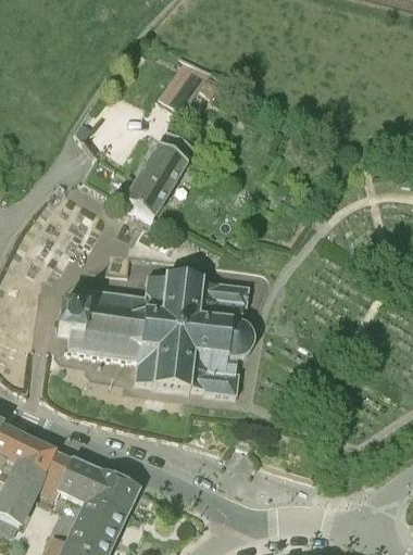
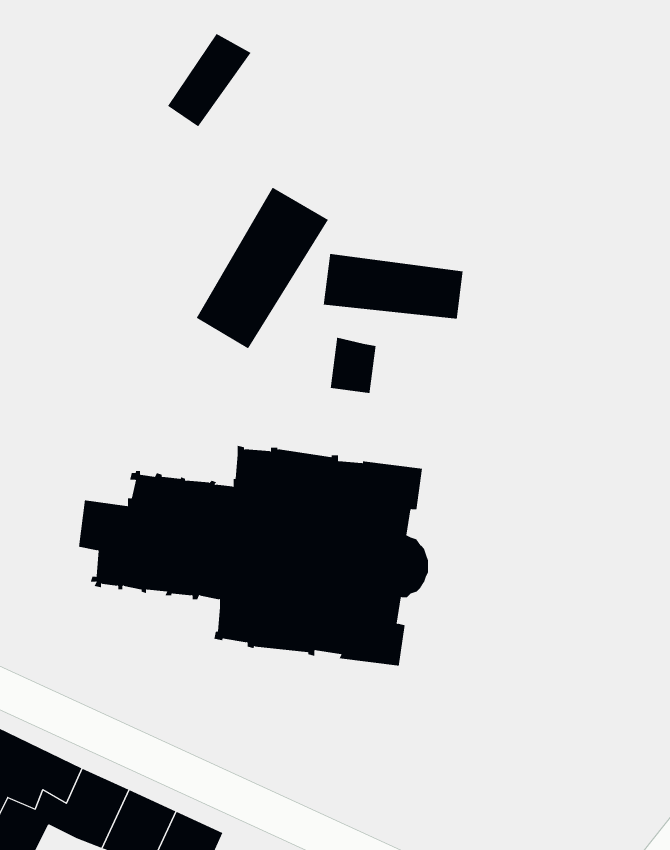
building: [163,61,210,113] -> [167,33,251,127]
building: none -> [323,253,463,319]
building: none -> [330,337,376,394]

